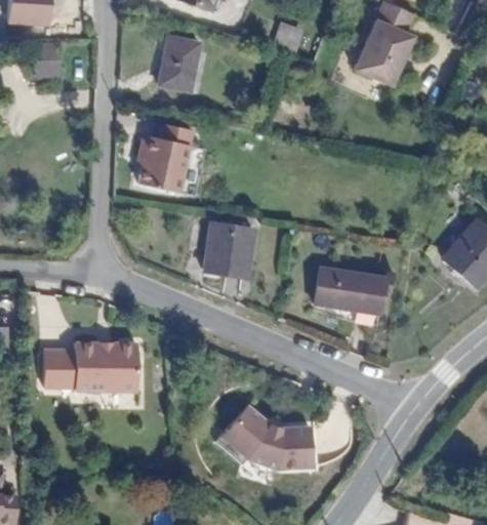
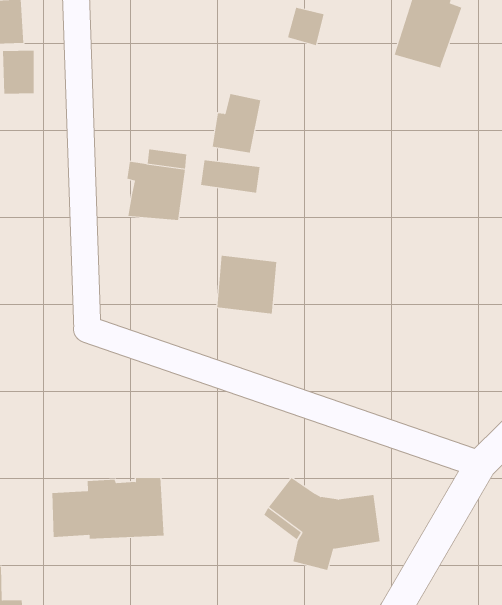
building: [151,41,194,91] -> [212,93,261,153]
building: none -> [201,160,260,193]
building: [311,264,376,308] -> none
building: [46,345,138,394] -> [51,478,165,539]

